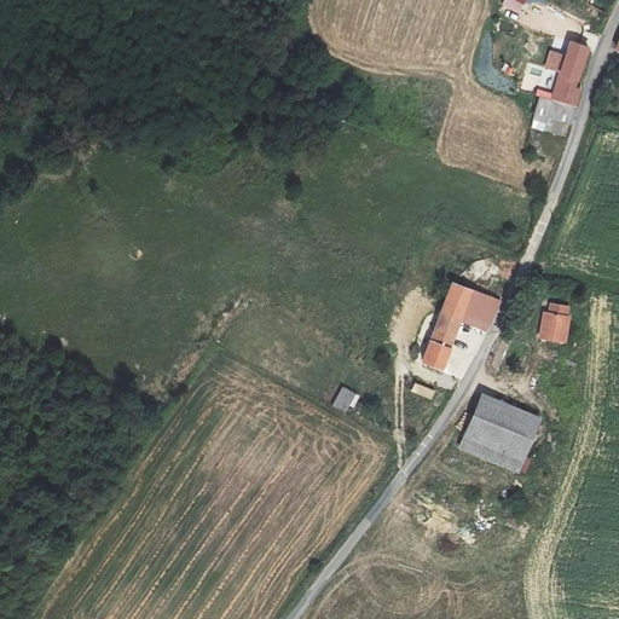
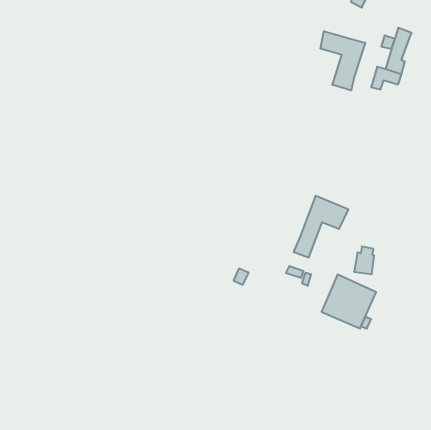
building: none -> [321,31,365,90]
building: [540,300,569,340] -> [354,246,374,274]

